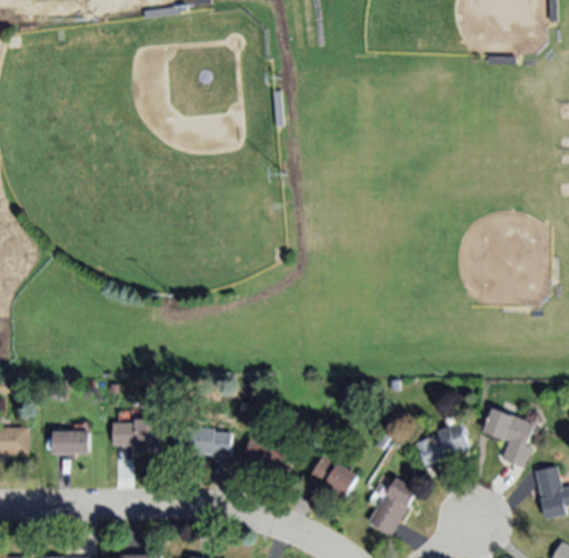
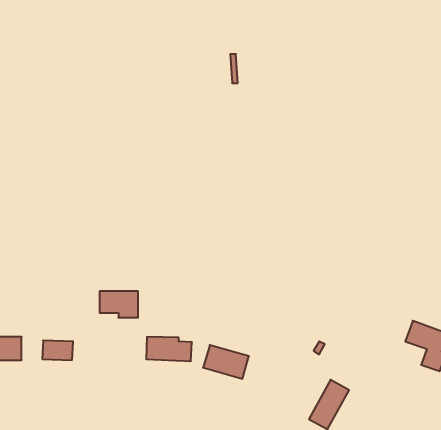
building: [113,421,159,452] -> [100,291,138,318]
building: [416,425,469,465] -> none
building: [309,455,359,498] -> none

